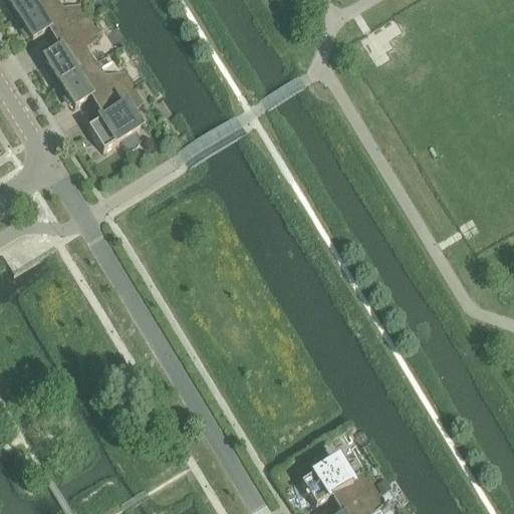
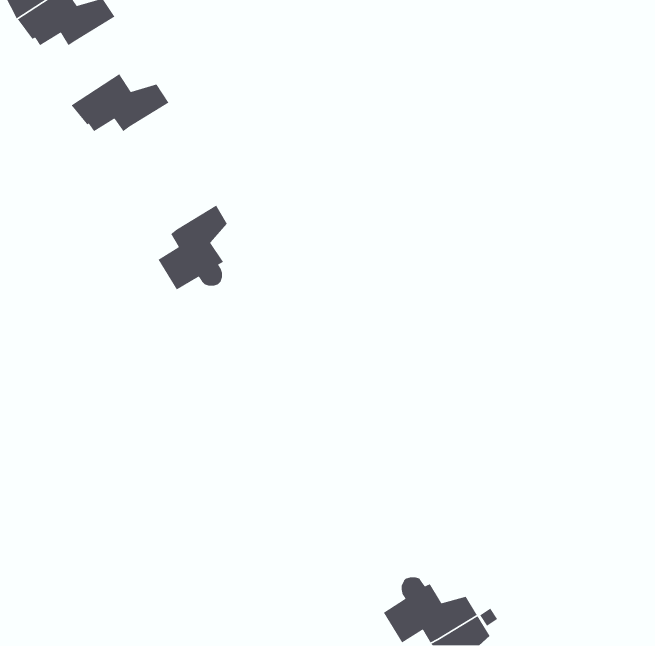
building: [44,13,99,82] -> none
building: [86,80,142,148] -> [157,204,228,290]

